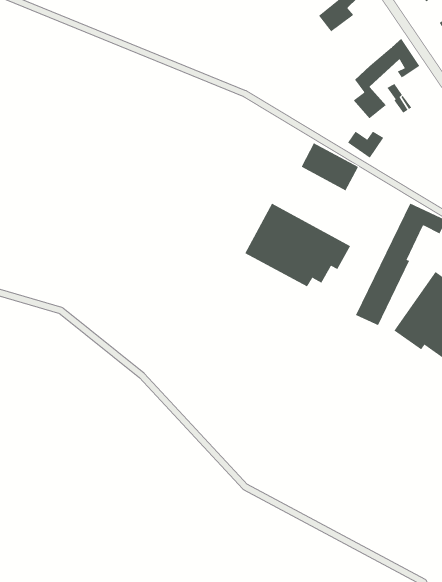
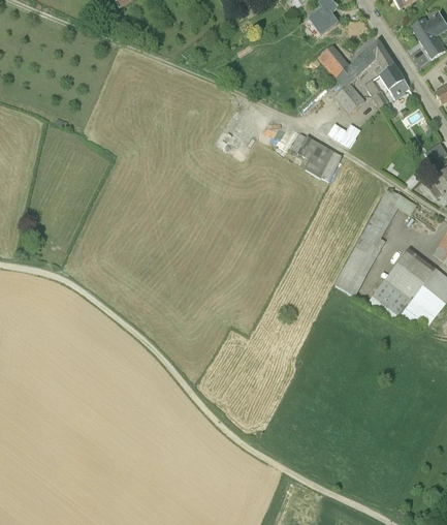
building: none -> [318,44,349,76]
building: none -> [379,64,409,97]
building: [245,203,351,287] -> none

